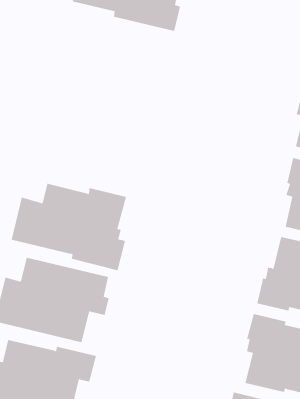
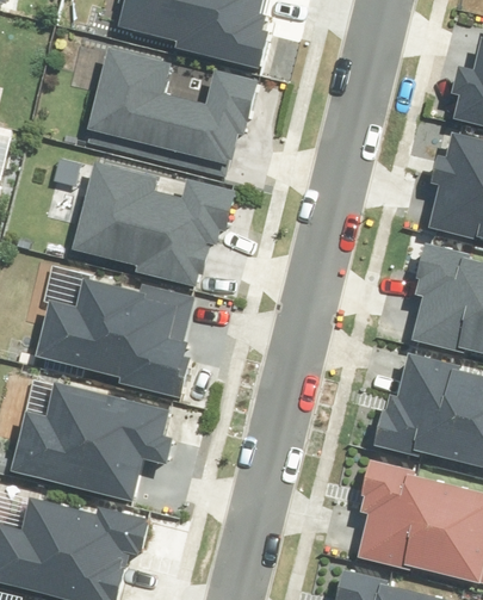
building: none -> [86,45,260,177]
building: none -> [73,162,236,285]

